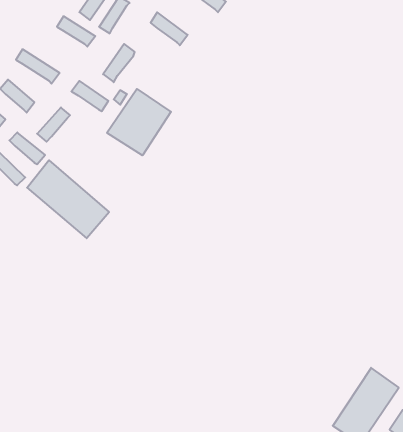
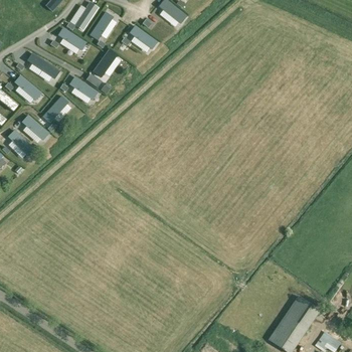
building: [107,89,171,155] -> none
building: [27,160,109,238] -> none

